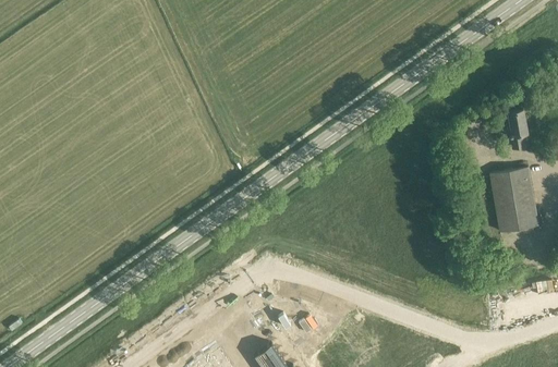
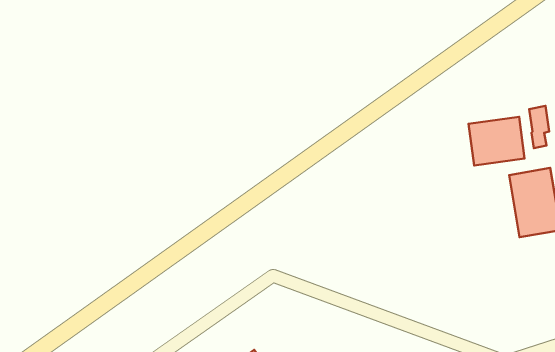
building: none -> [469,117,525,165]

